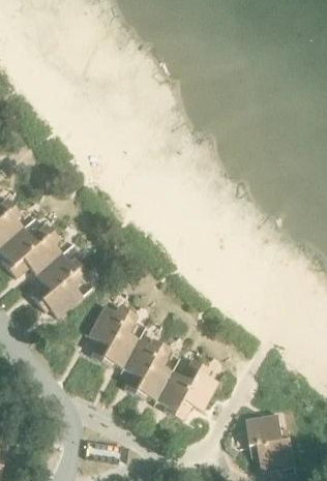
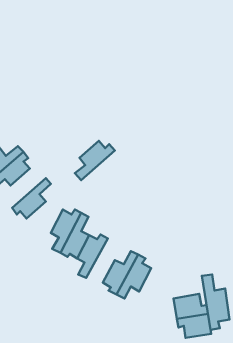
building: [30,252,82,303] -> [75,141,115,180]
building: [133,342,171,399] -> none
building: none -> [202,274,229,330]

